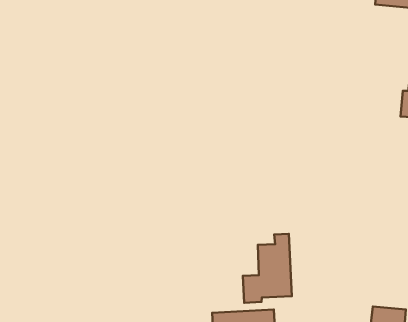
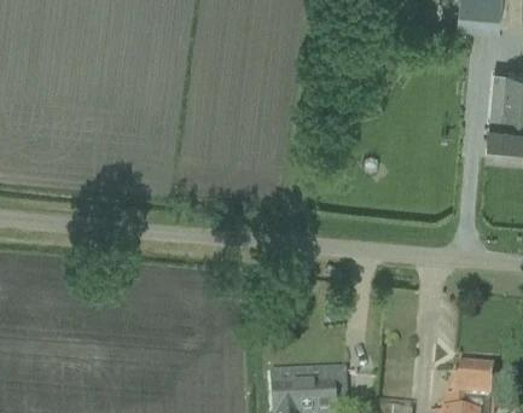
building: [243,234,292,303] -> none

